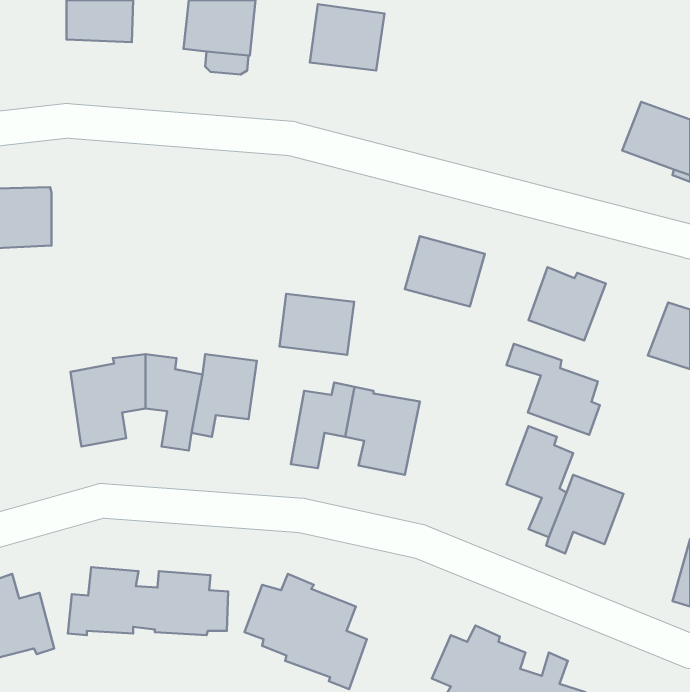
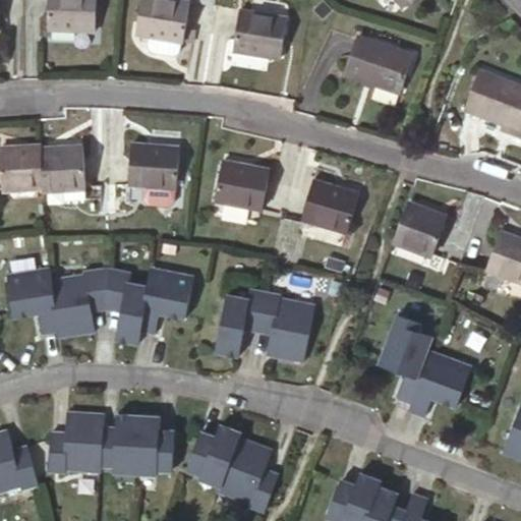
building: none -> [349,37,414,92]
building: none -> [39,143,83,189]
building: none -> [123,144,176,188]
building: [279,294,354,355] -> [210,164,266,210]
building: [507,344,600,435] -> none
building: none -> [11,271,60,333]

